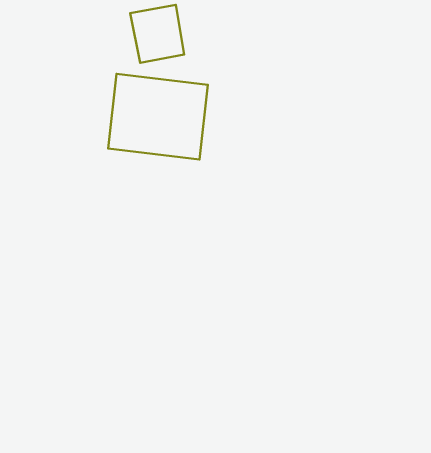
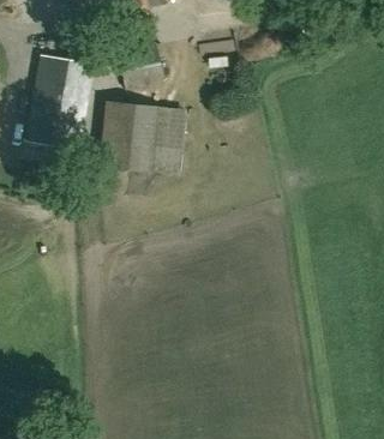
building: none -> [28,53,94,149]

